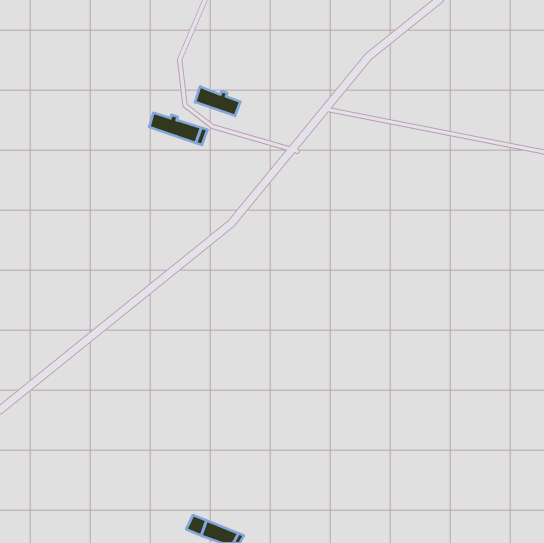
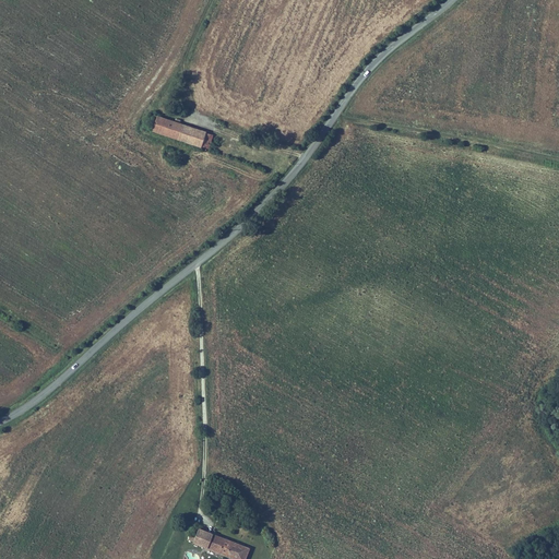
building: [195,86,240,116] -> none

